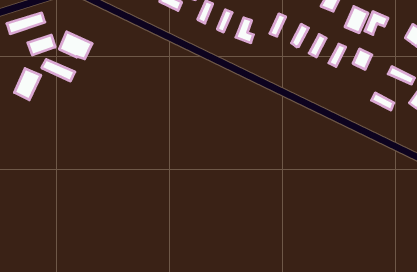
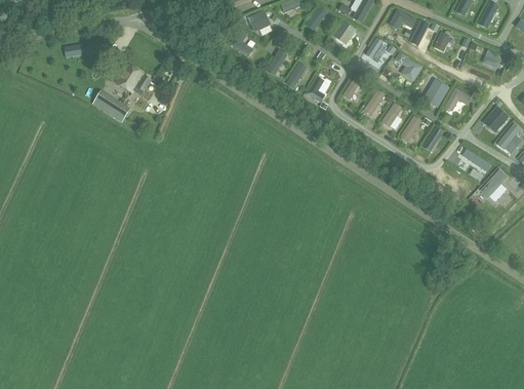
building: [28,35,55,55] -> none
building: [14,68,41,100] -> none

